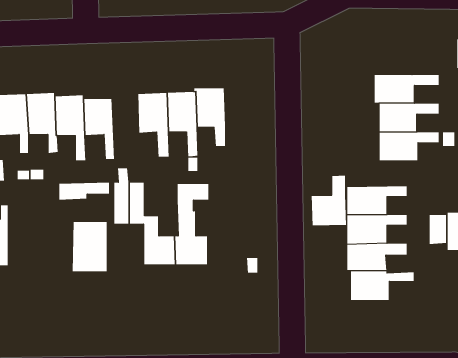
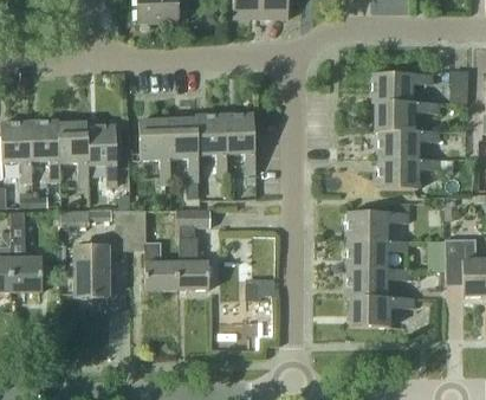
building: none -> [371,73,432,103]
building: none -> [226,114,255,172]
building: [311,175,346,226] -> none
building: none -> [12,211,43,291]

